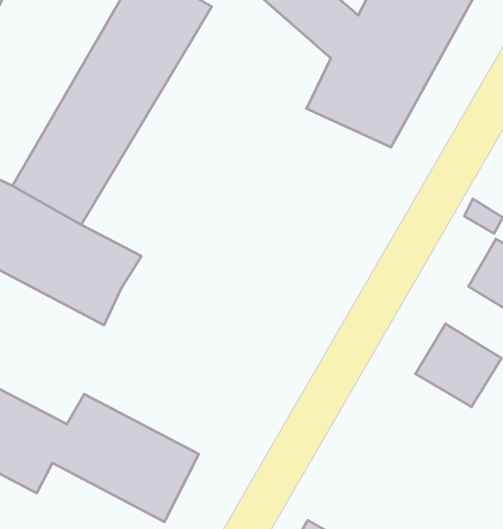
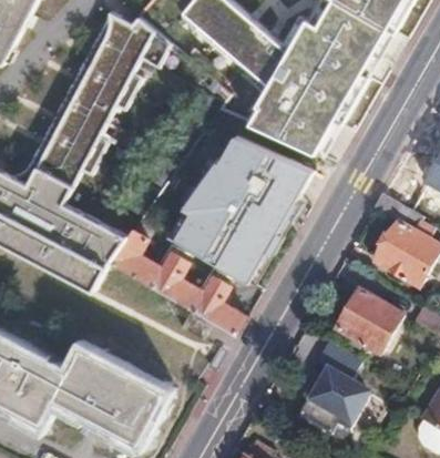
building: none -> [187,145,305,277]
building: none -> [105,228,244,336]
building: none -> [300,364,375,439]

